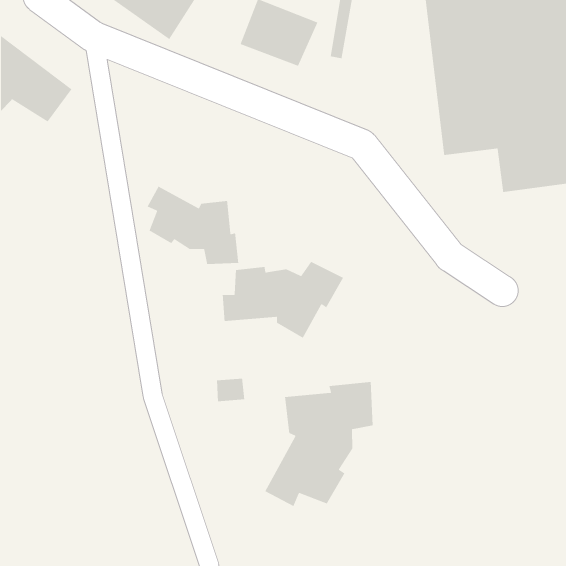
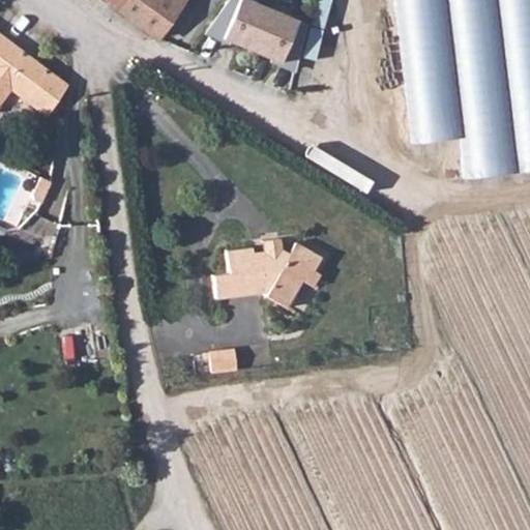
building: [146,186,239,265] -> none
building: [264,381,374,507] -> none

